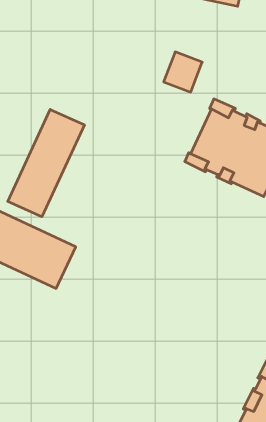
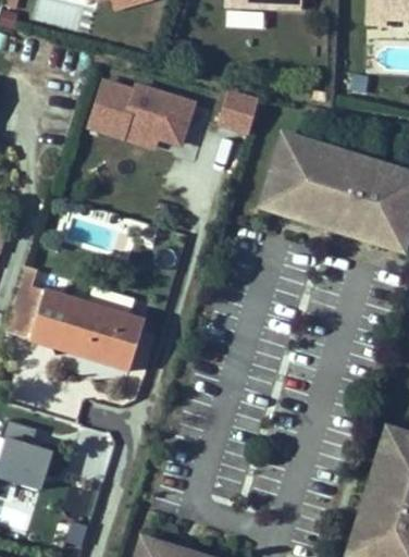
building: none -> [87,59,200,143]
building: [8,109,84,217] -> none

